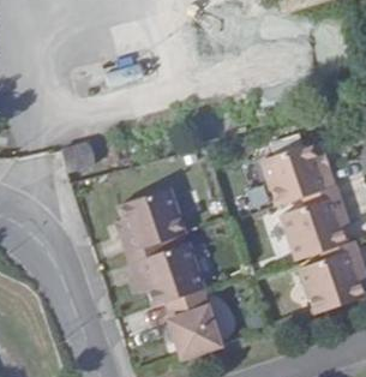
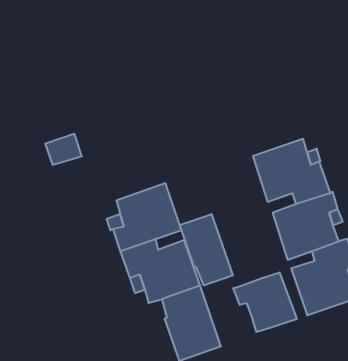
building: none -> [180,214,233,285]
building: none -> [233,272,297,332]

